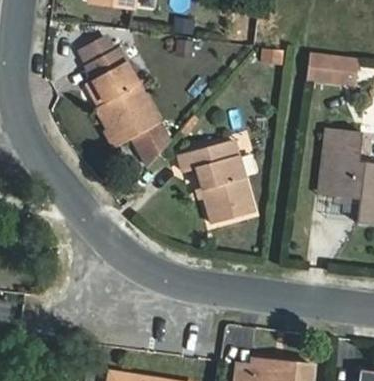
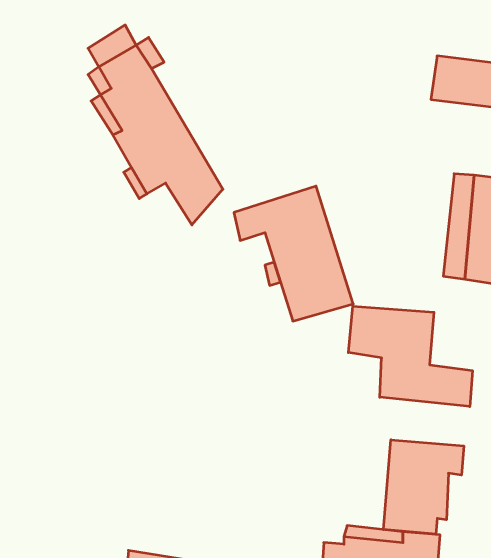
building: none -> [348,306,472,407]
building: none -> [384,440,464,534]

